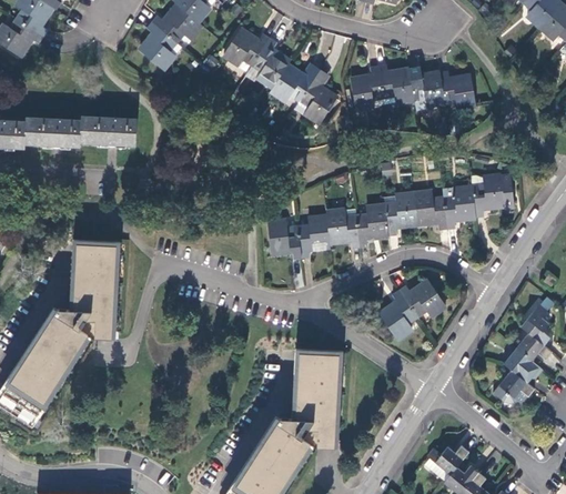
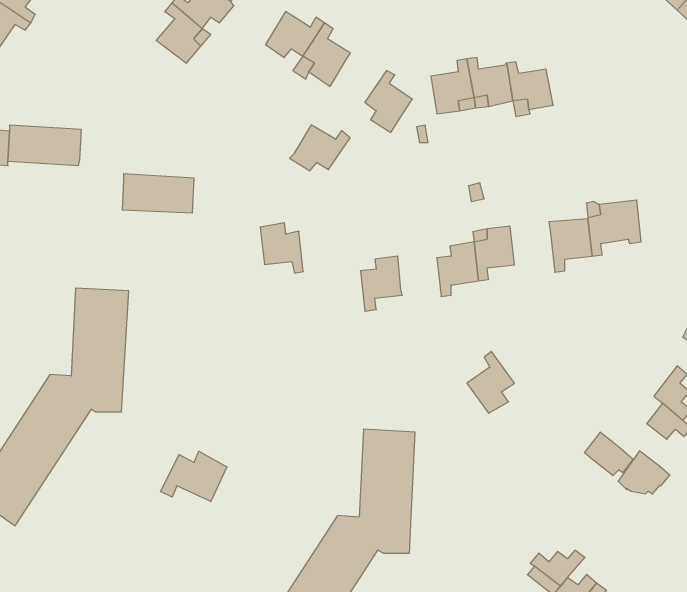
building: [270,64,316,100] -> [290,125,350,171]
building: [439,70,476,108] -> none
building: [80,115,135,145] -> [122,174,194,213]
building: [412,192,446,231] -> none
building: [325,212,358,250] -> none
building: [266,222,300,261] -> [260,223,303,273]
building: [397,281,444,315] -> none
building: [505,346,543,380] -> [584,432,633,476]
building: none -> [160,451,227,502]

